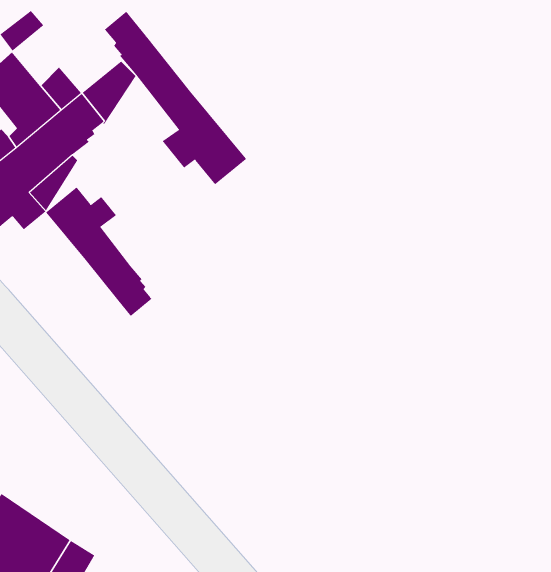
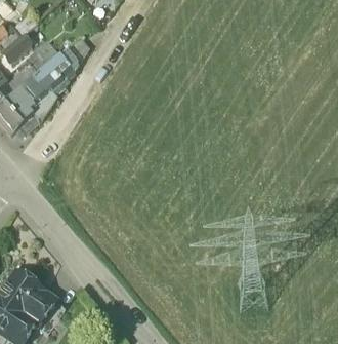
building: [104,11,246,185] -> none
building: [46,187,152,317] -> none

